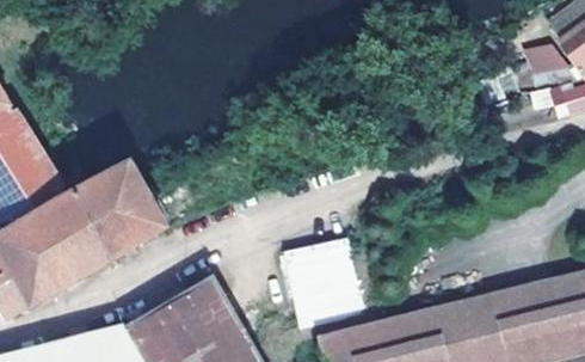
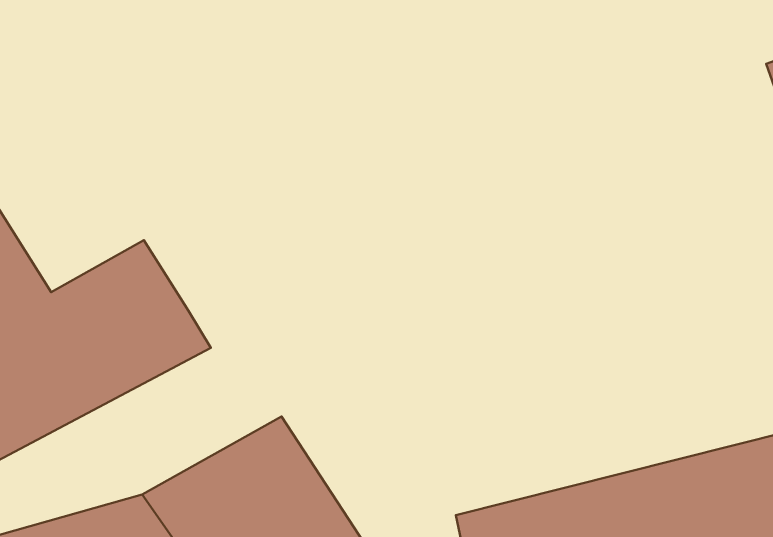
building: [279,231,364,321] -> none

